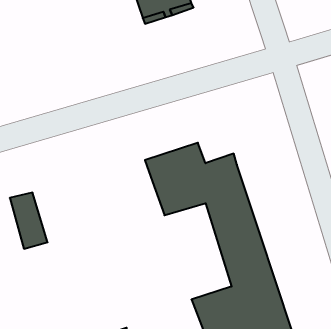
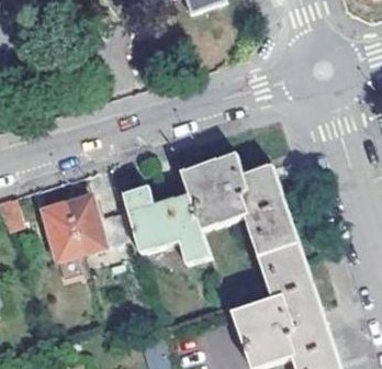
building: none -> [123,186,212,265]
building: none -> [67,195,131,254]

